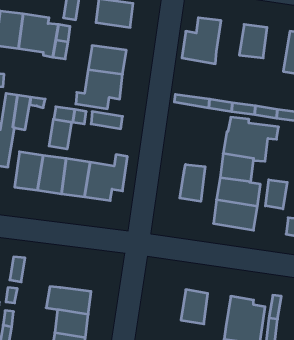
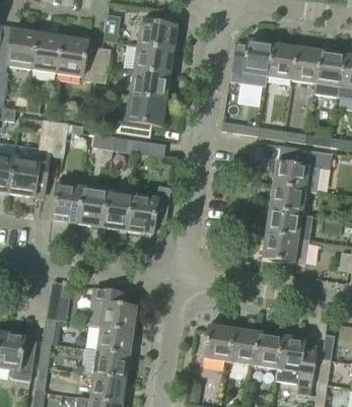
building: none -> [265,43,294,79]
building: none -> [133,45,173,74]
building: none -> [313,50,343,96]
building: [49,119,71,149] -> none
building: [180,164,205,201] -> none
building: [265,180,287,209] -> none
building: none -> [88,287,136,330]
building: none -> [202,325,232,360]
building: none -> [252,332,280,367]

